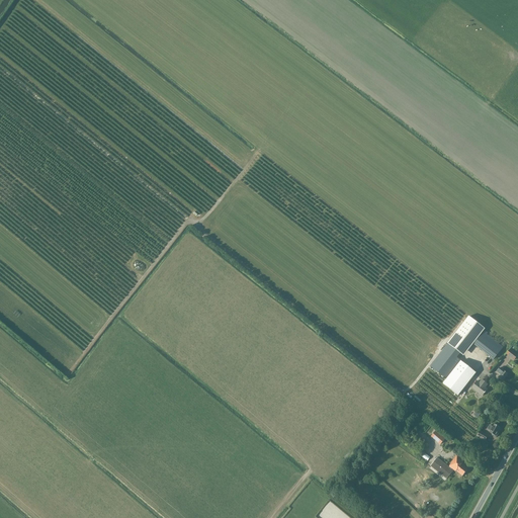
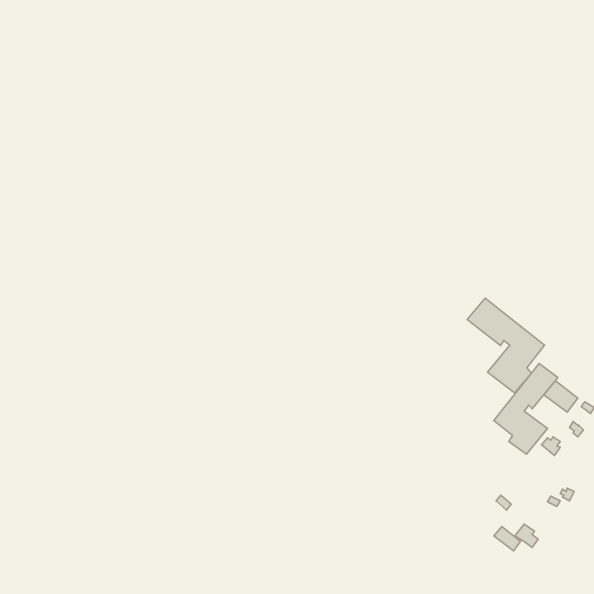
building: none -> [467,298,544,393]

